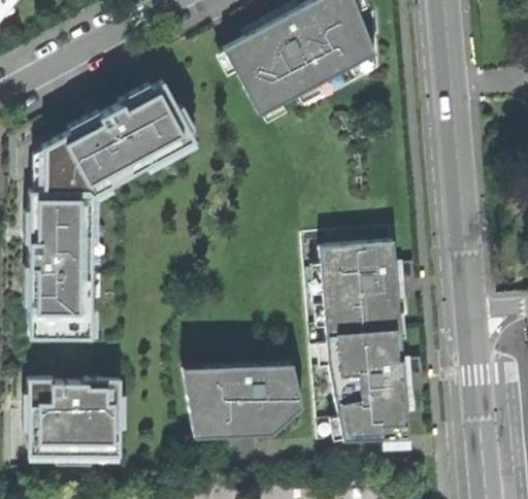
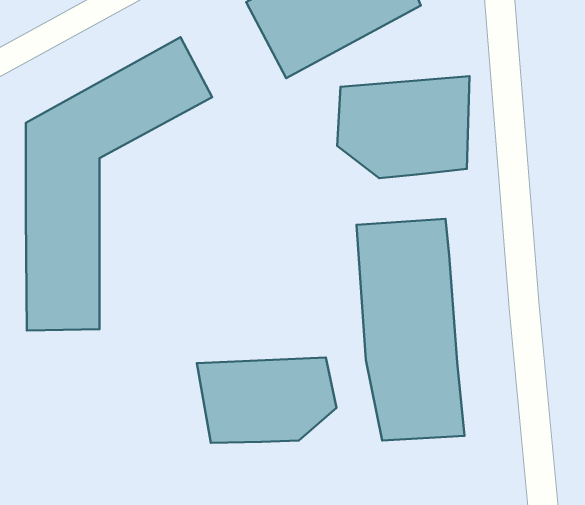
building: none -> [337,76,470,178]
building: [27,377,122,459] -> none

